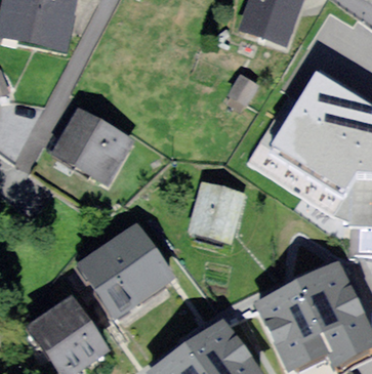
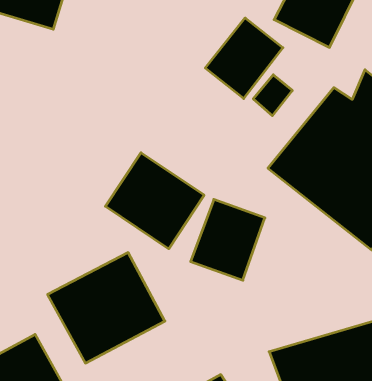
building: none -> [205,18,283,99]
building: [56,109,134,183] -> [105,153,204,249]

